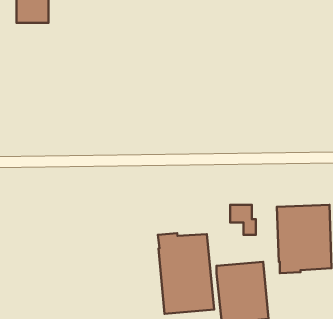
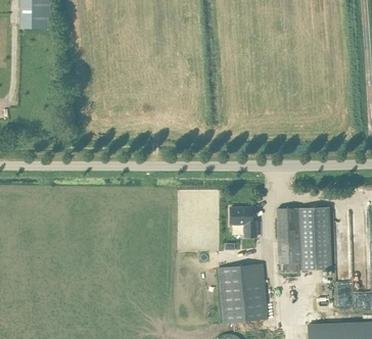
building: [158,233,214,314] -> none

